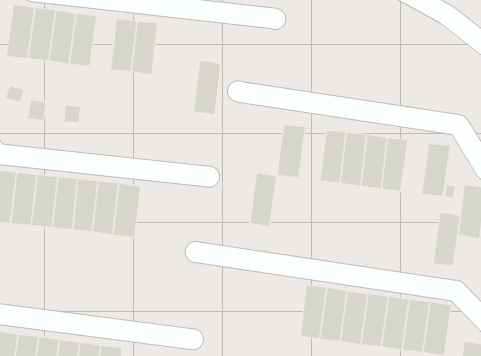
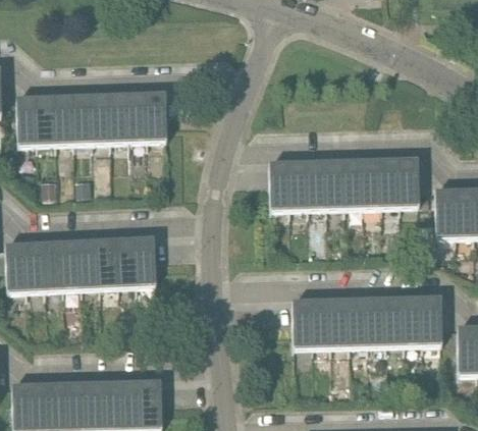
building: none -> [92,96,111,141]
building: [193,60,221,114] -> [146,93,167,140]
building: [249,173,277,227] -> [289,163,309,208]
building: [433,212,460,266] -> [380,160,400,206]
building: none -> [293,301,314,346]

